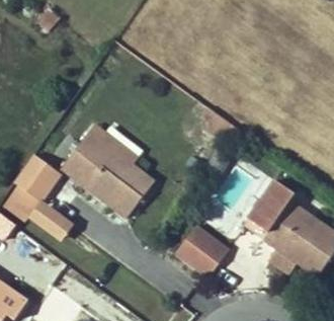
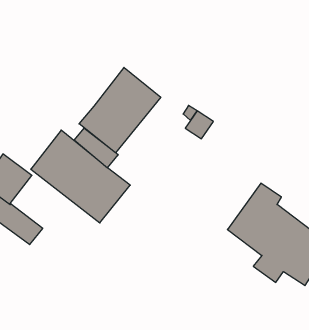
building: none -> [79,67,161,153]
building: [174,225,227,276] -> none

